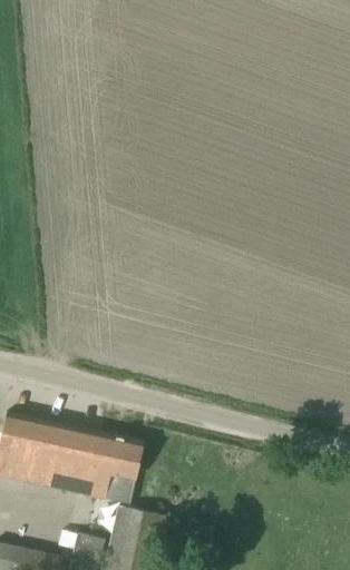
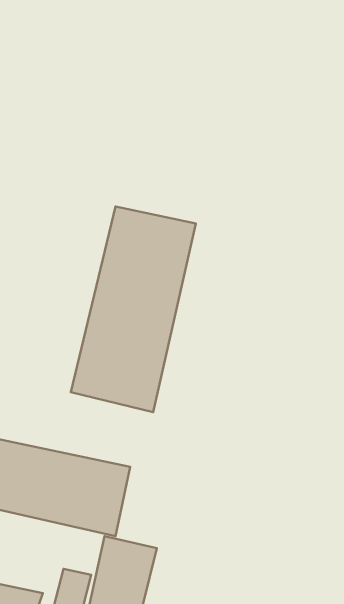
building: none -> [71,206,196,412]

